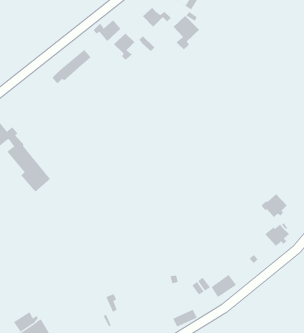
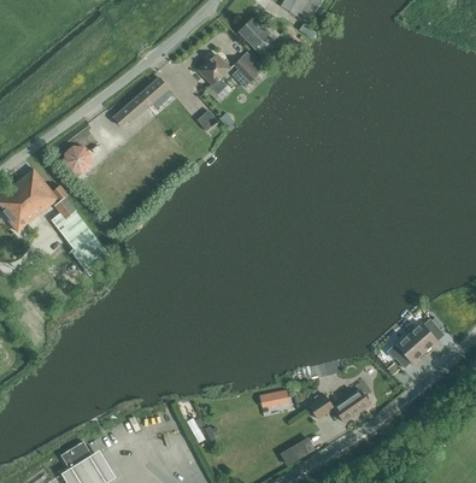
building: [173,15,200,50] -> none
building: [93,20,121,42] -> none
building: none -> [64,146,90,173]
building: [260,193,287,218] -> [387,334,424,367]

